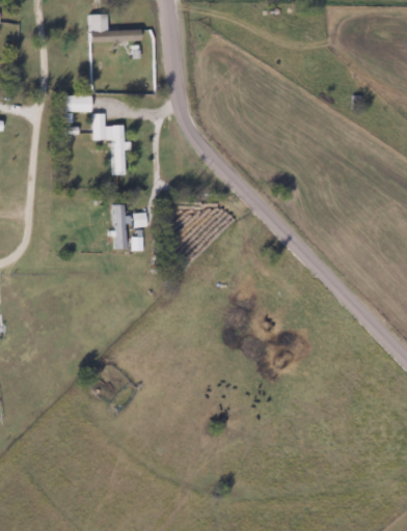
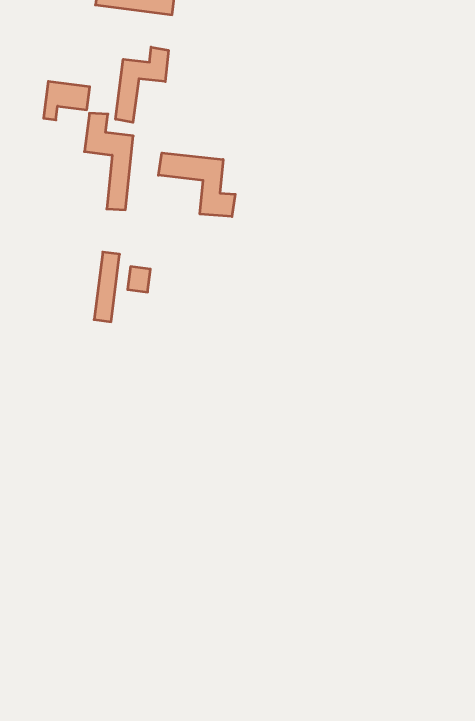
building: none -> [116,47,168,122]
building: none -> [158,153,235,217]

